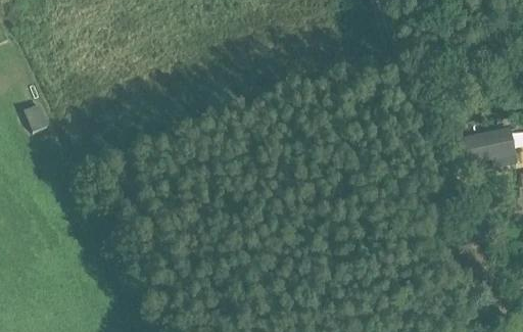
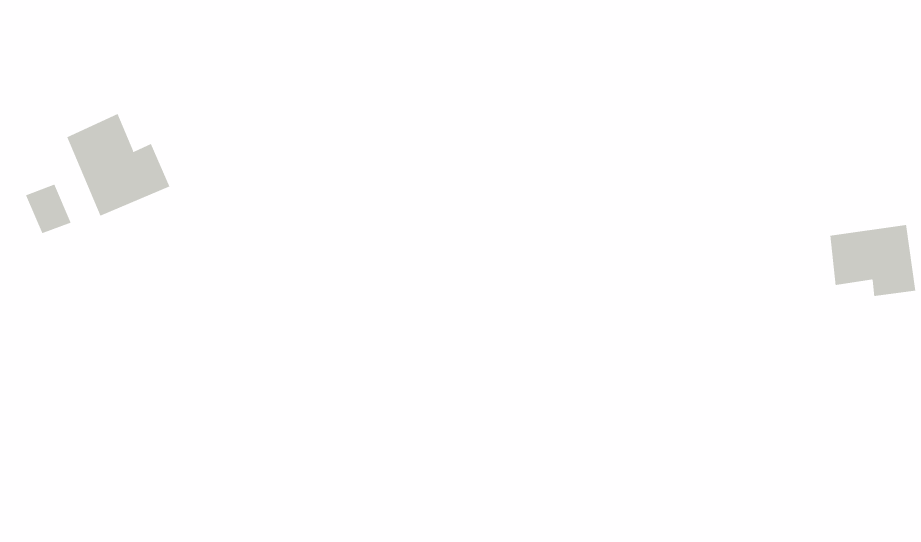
building: none -> [66,113,170,217]

